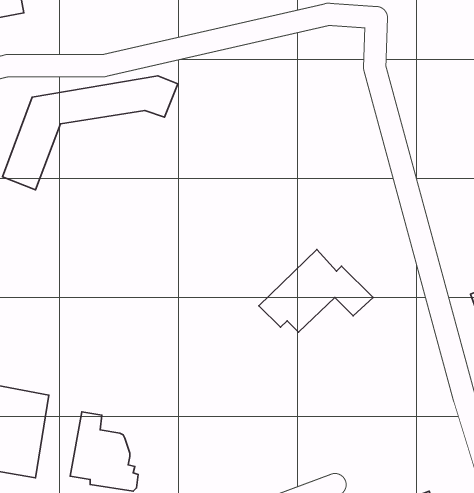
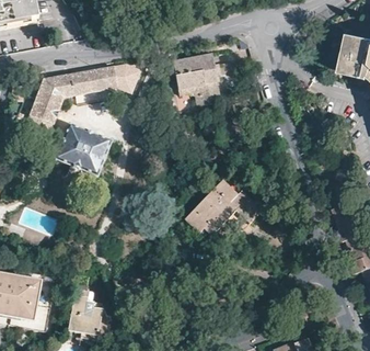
building: none -> [174,53,223,104]
building: none -> [54,122,111,174]

